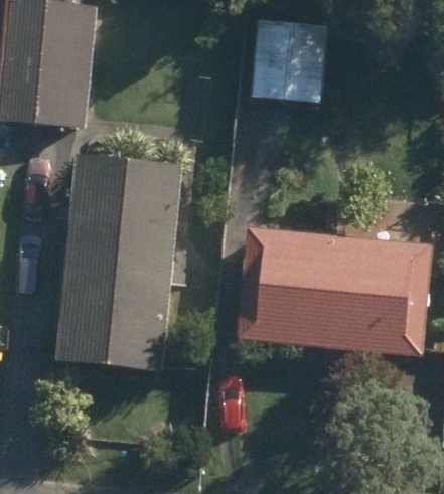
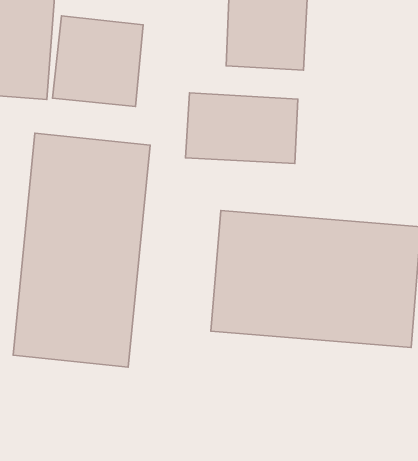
building: none -> [53,16,143,106]
building: none -> [185,93,298,163]

